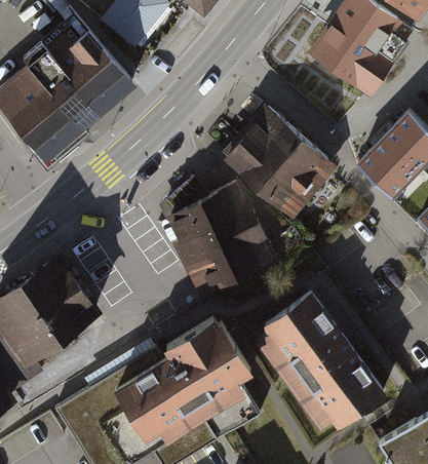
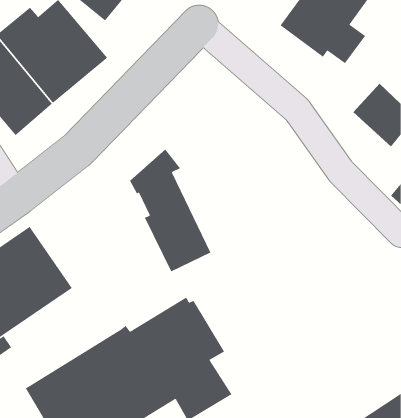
building: [224,103,338,222] -> none
building: [352,140,416,203] -> none
building: [201,181,278,278] -> none
building: [257,292,389,431] -> none

